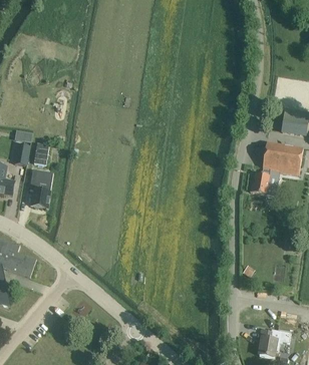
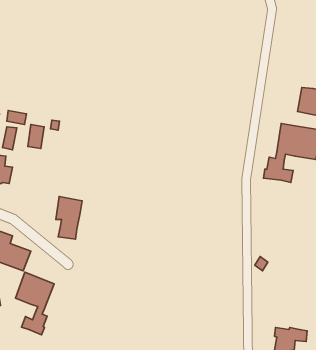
building: [29,168,53,208] -> [56,197,82,239]
building: none -> [15,272,54,335]

